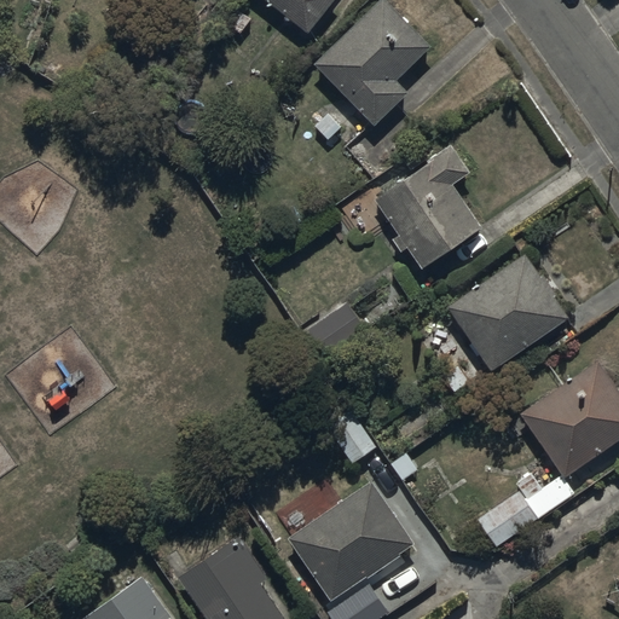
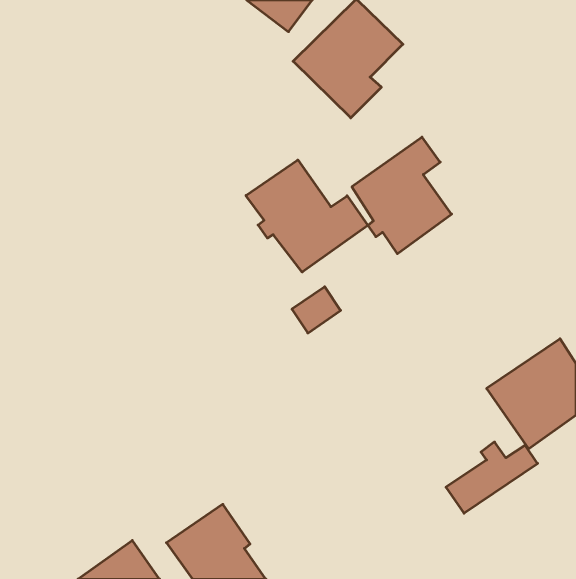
building: none -> [246,160,368,272]
building: [447,255,569,371] -> none
building: [287,481,415,602] -> none

